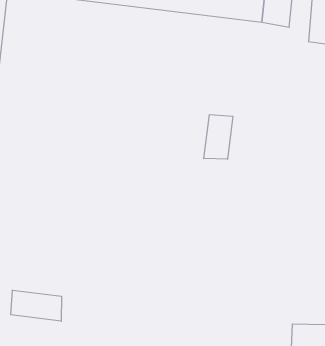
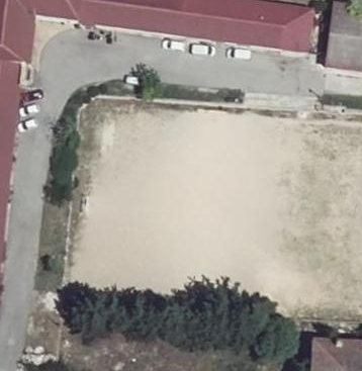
building: [204,115,233,159] -> none
building: [11,290,62,321] -> none

